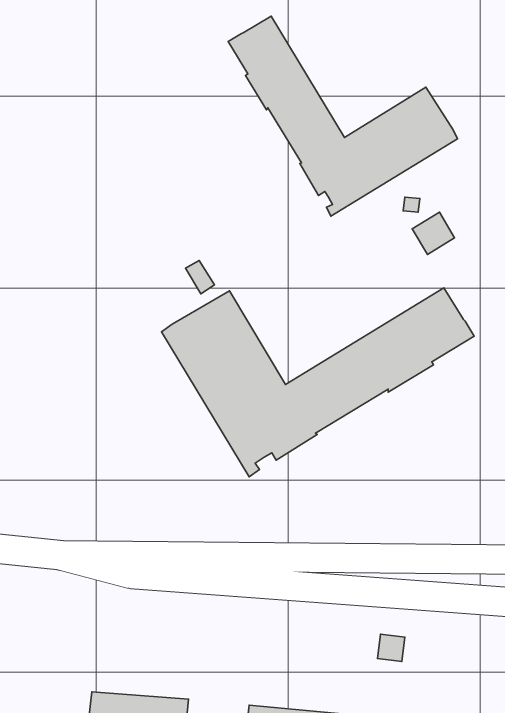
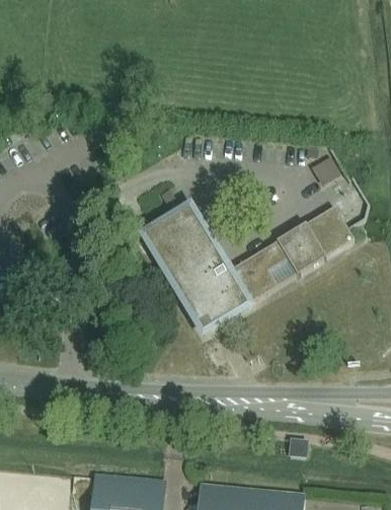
building: [228,16,458,216] -> none

